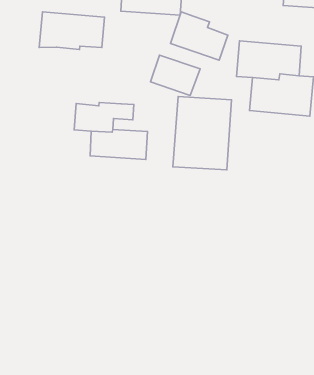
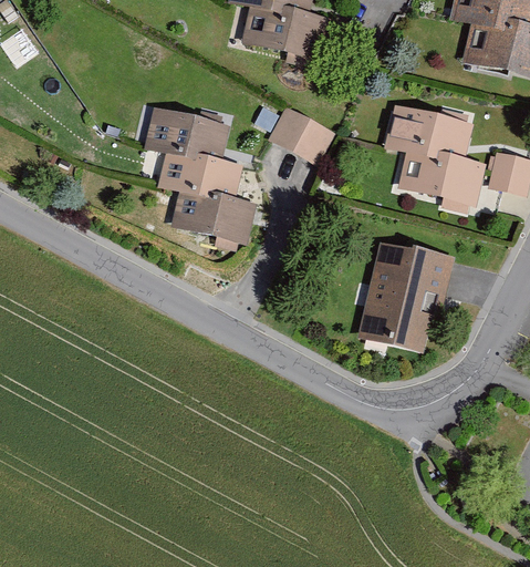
building: [39,12,104,49] -> [142,103,235,163]
building: [170,12,228,60] -> none
building: [173,96,232,170] -> [356,237,448,344]

